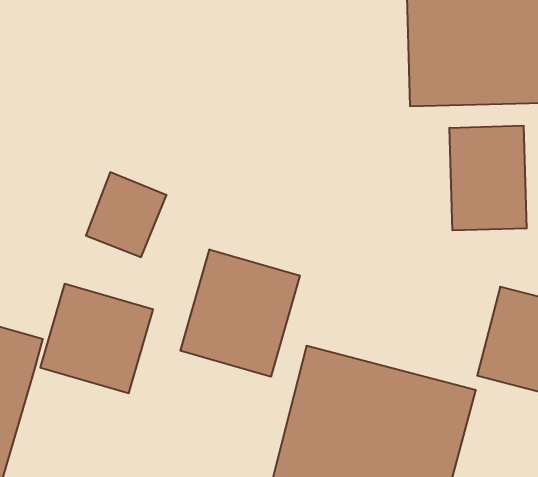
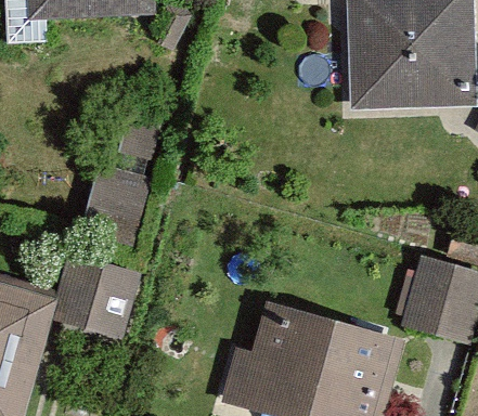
building: [449,126,527,230] -> none
building: [180,249,300,377] -> none

